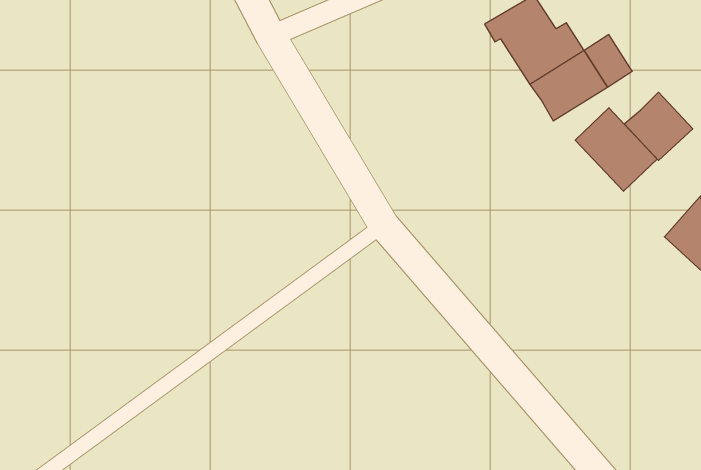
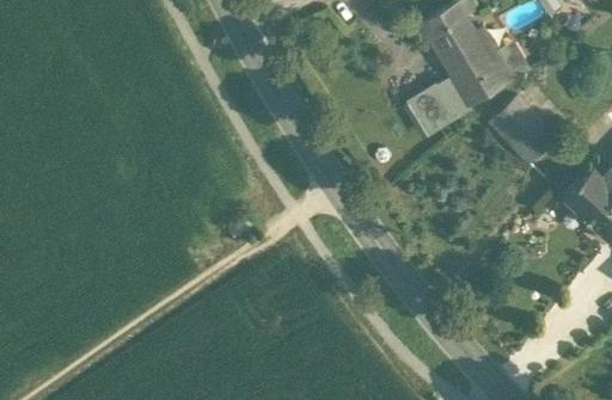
building: [624,92,693,160] -> none
building: none -> [408,80,475,133]

